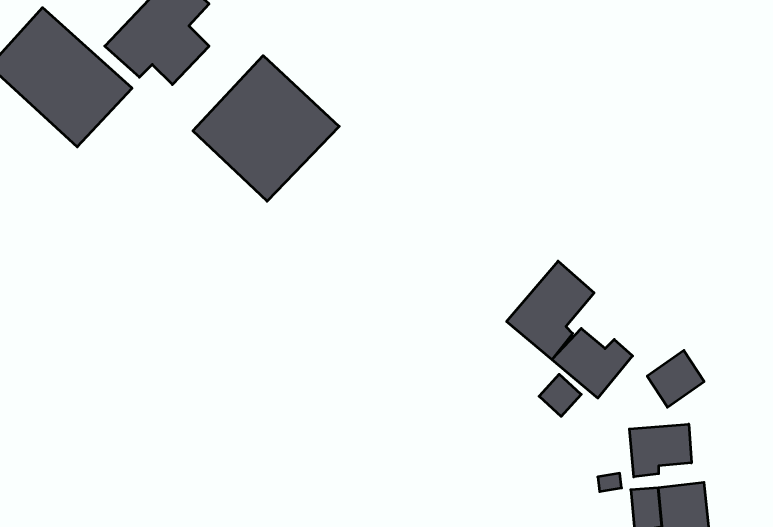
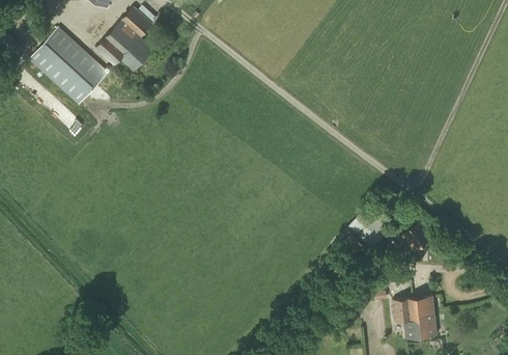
building: [193,56,339,201] -> none
building: [507,261,594,360] -> none
building: [629,424,691,477] -> none

